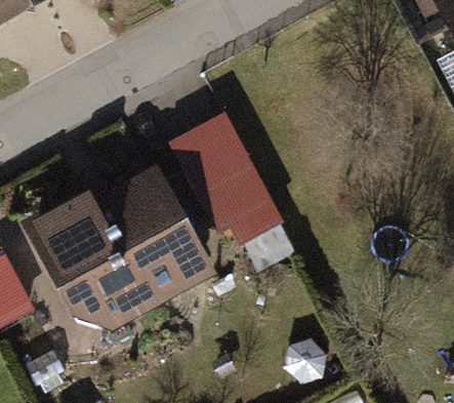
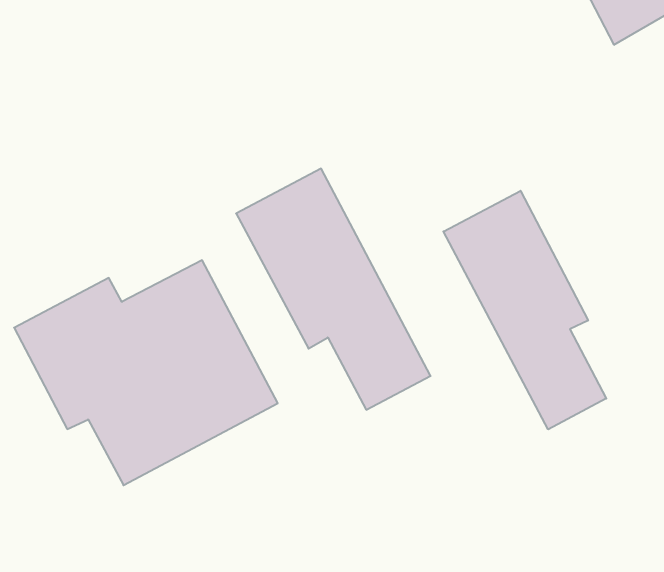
building: none -> [443,191,606,429]

